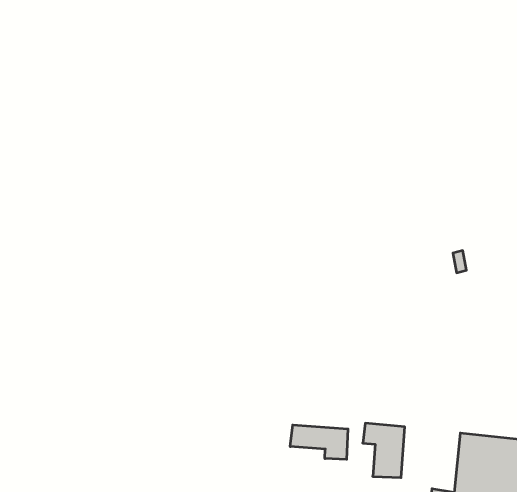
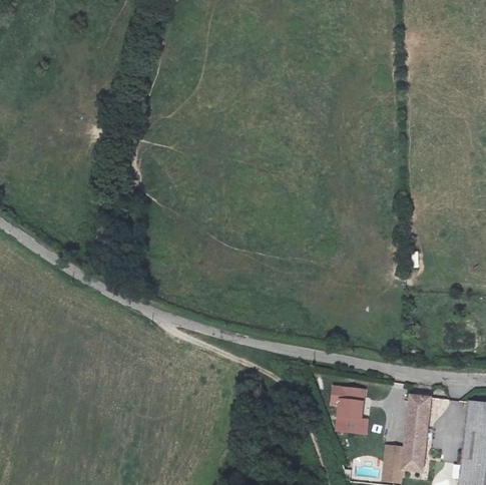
building: [290,425,348,459] -> none

